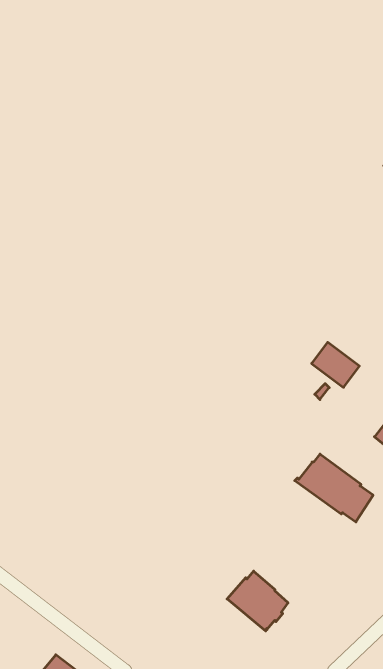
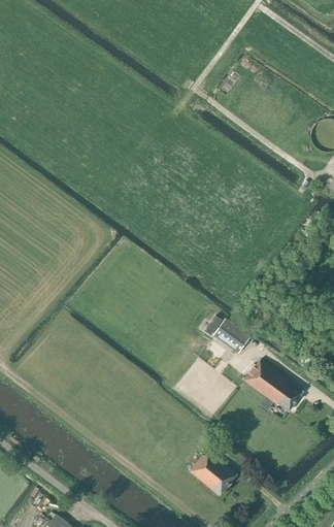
building: [312,342,359,387] -> [215,315,253,350]

